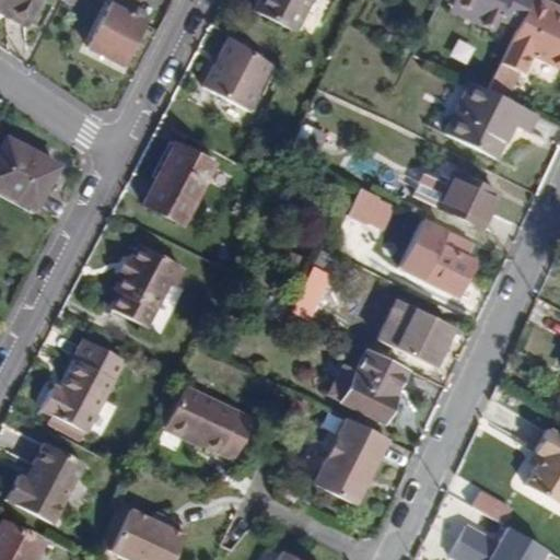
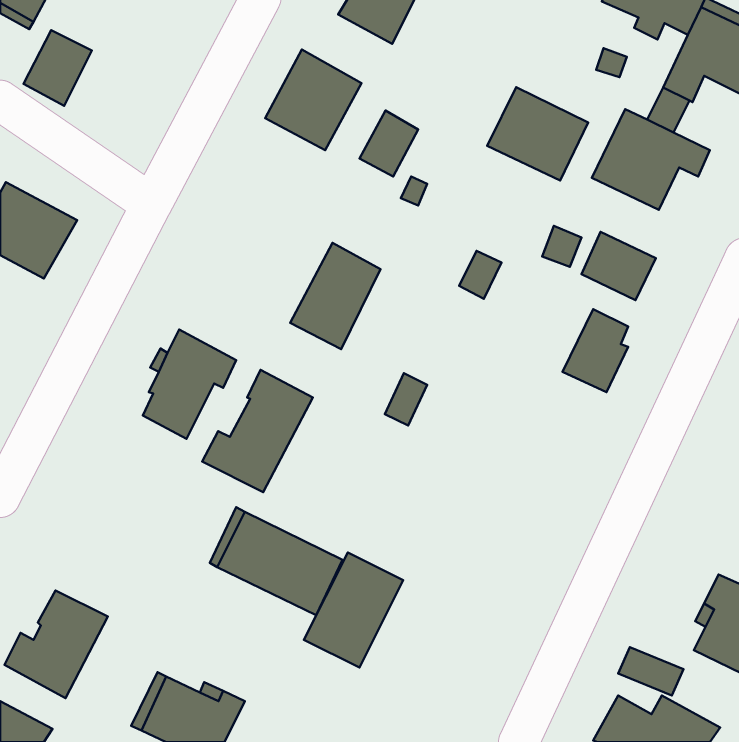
building: [93,5,144,62] -> [23,30,92,106]
building: none -> [487,87,588,180]
building: none -> [359,110,418,176]
building: [145,142,213,222] -> [290,243,381,349]
building: [396,217,450,279] -> none
building: [378,300,454,365] -> none
building: [42,341,125,433] -> [202,370,313,492]
building: [331,348,409,421] -> none
building: [313,417,387,503] -> [304,552,403,668]

